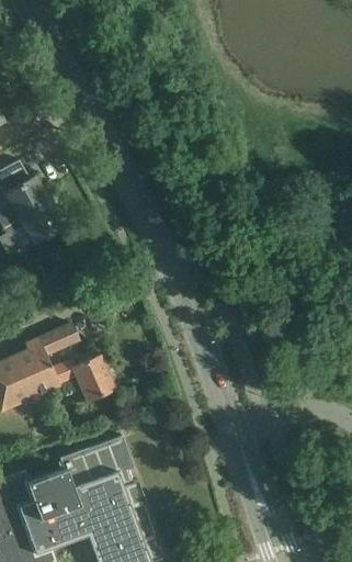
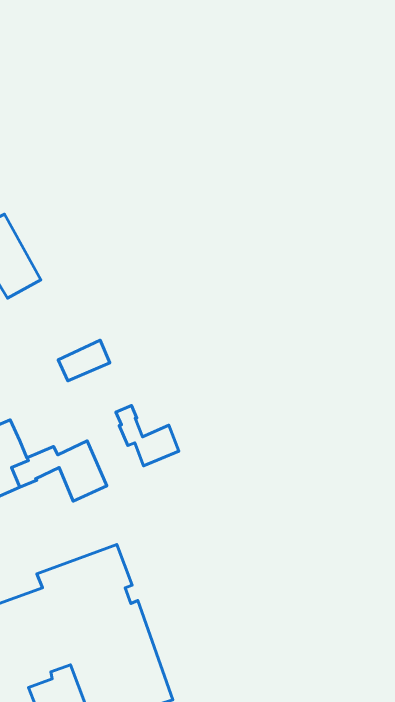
building: [37,324,78,356] -> [58,340,110,381]
building: none -> [116,406,179,466]

